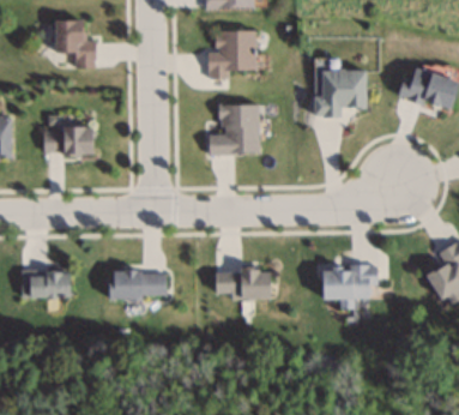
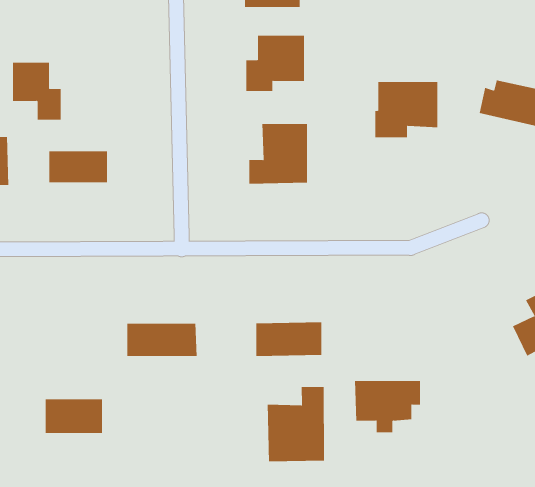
building: [55,19,96,67] -> [12,62,61,120]
building: [322,265,378,308] -> [354,381,421,433]
building: [23,269,71,297] -> [45,399,103,433]
building: none -> [267,386,324,462]

